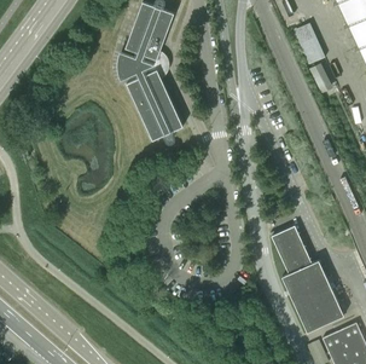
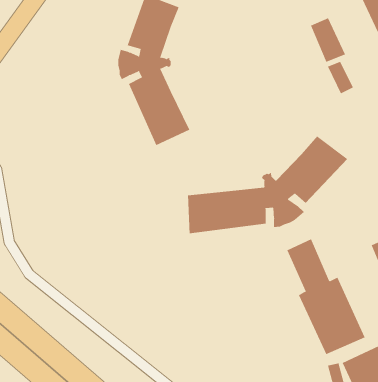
building: none -> [188,136,348,234]

